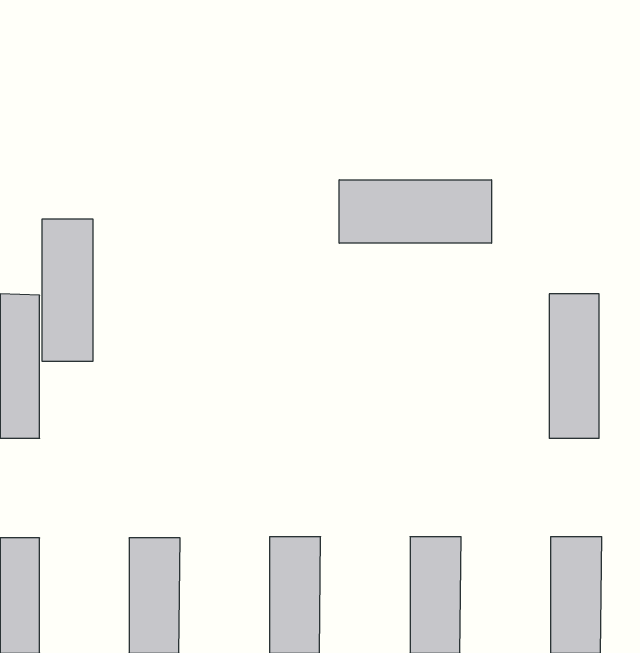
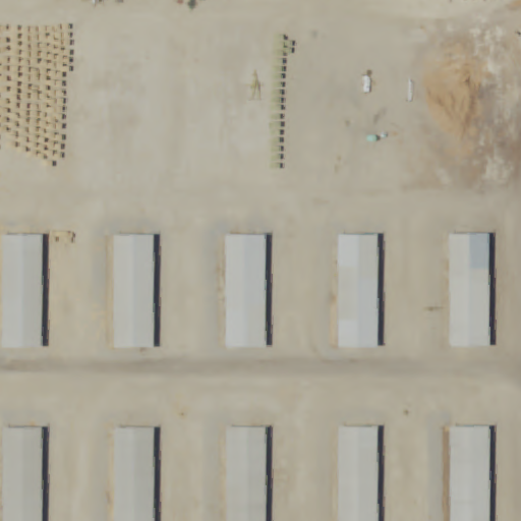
building: [339,180,491,243] -> none
building: [42,219,93,361] -> [112,236,153,349]
building: none -> [224,236,266,349]
building: none -> [336,236,378,349]

